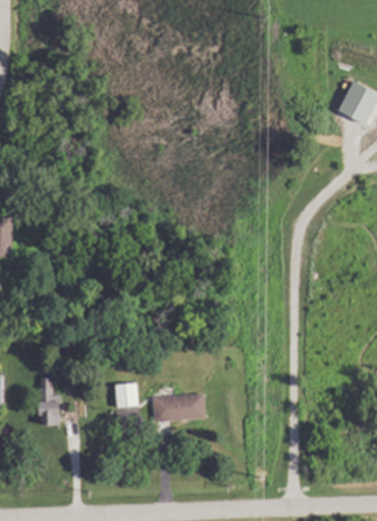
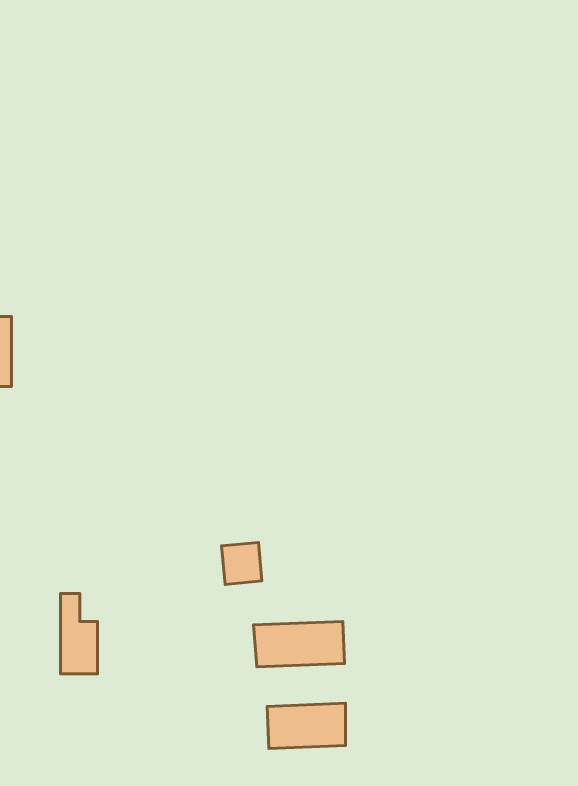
building: [114,383,138,408] -> [222,542,262,584]
building: none -> [267,703,346,749]

